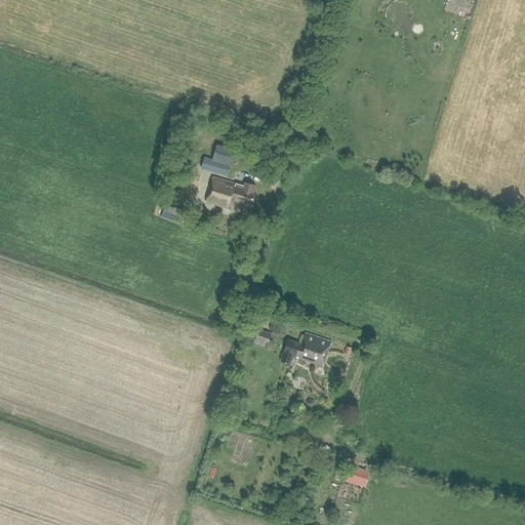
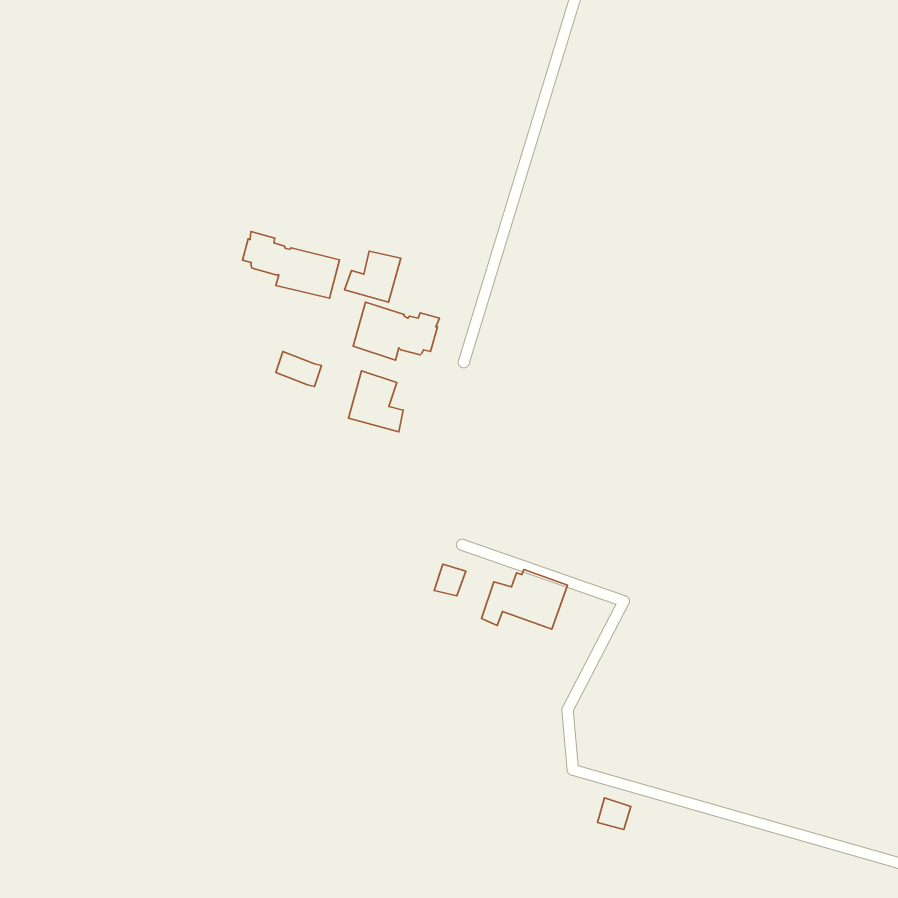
building: none -> [243,231,340,298]
building: none -> [349,371,403,432]

